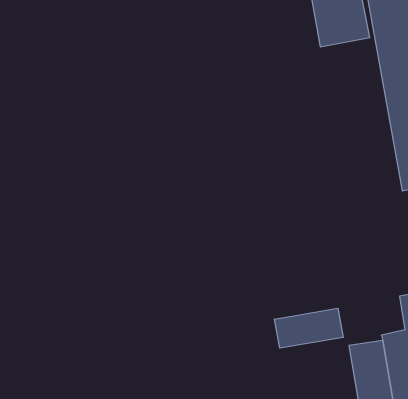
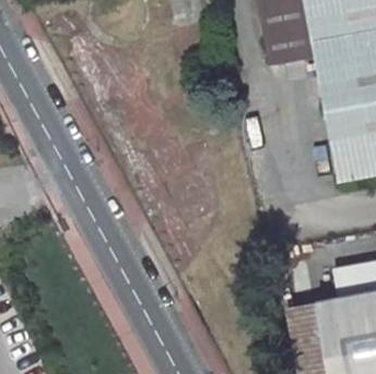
building: [274,308,343,348] -> none

